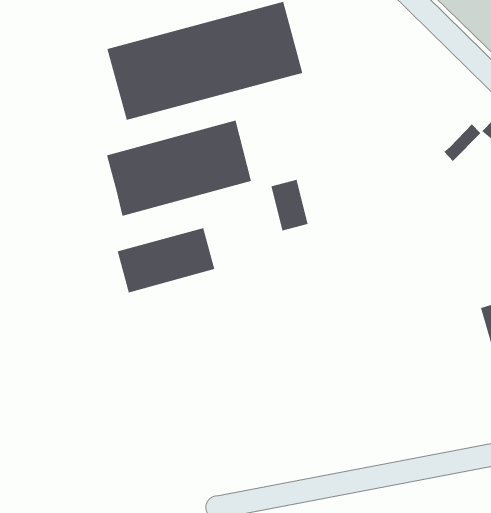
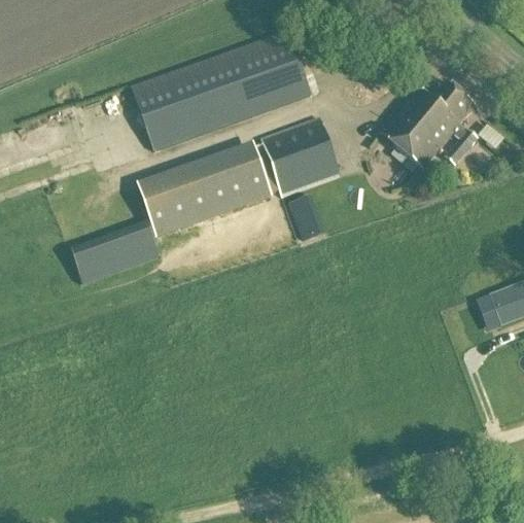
building: none -> [380,82,475,169]
building: none -> [257,117,340,197]
building: [117,227,215,293] -> [69,220,160,285]

